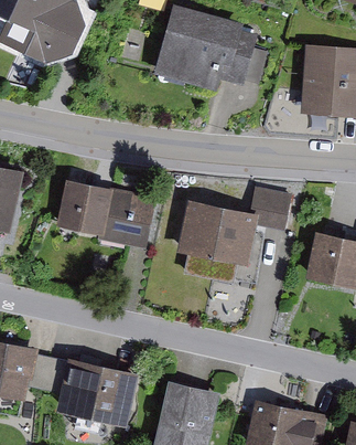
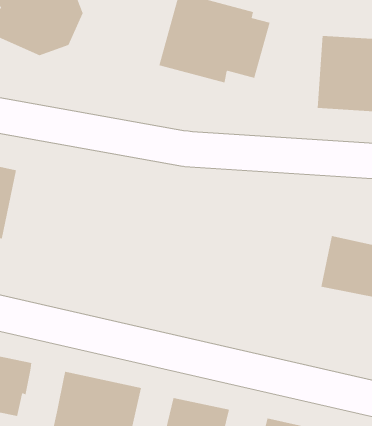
building: [56,180,157,250] -> none
building: [177,187,293,283] -> none
building: [26,356,66,394] -> none

